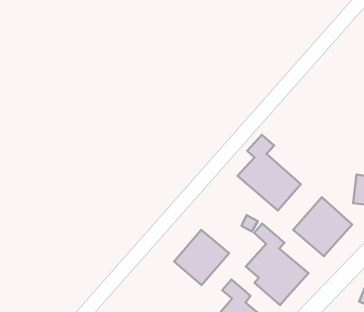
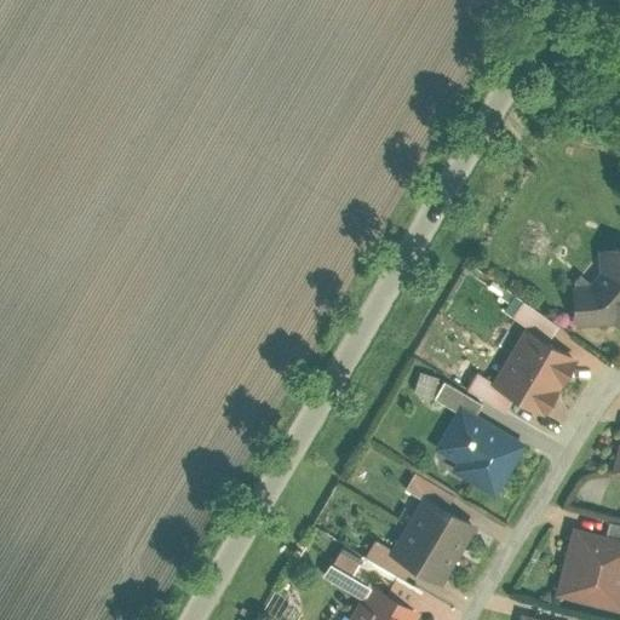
building: [238,135,301,210] -> none
building: [174,230,229,285] -> none

